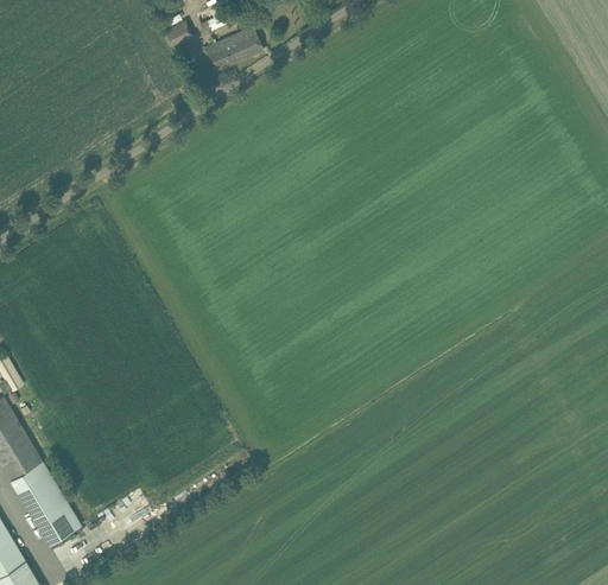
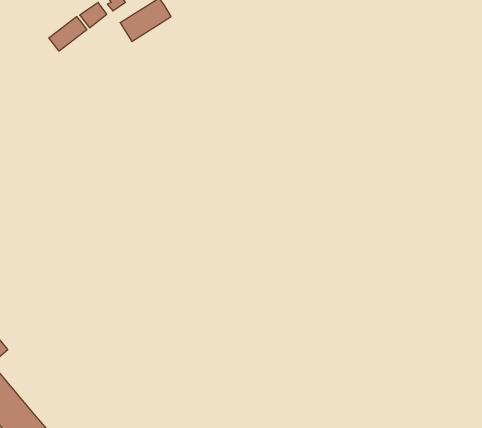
building: none -> [49,17,87,51]

